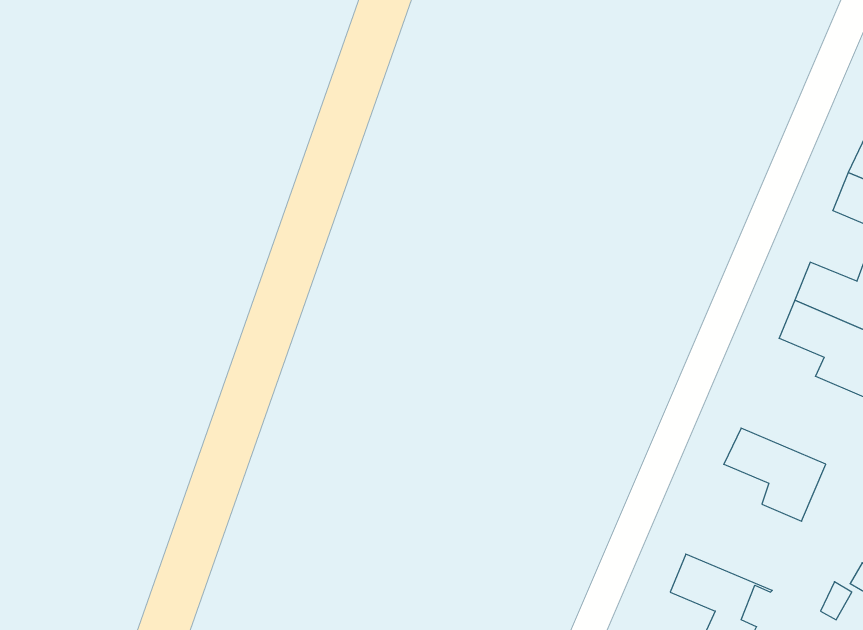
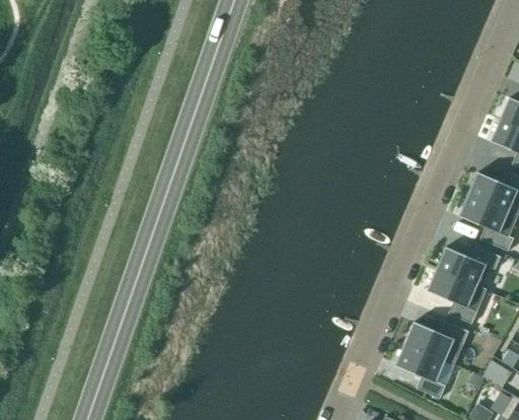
building: none -> [437,247,501,290]
building: none -> [404,321,469,364]

